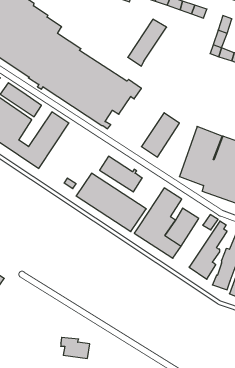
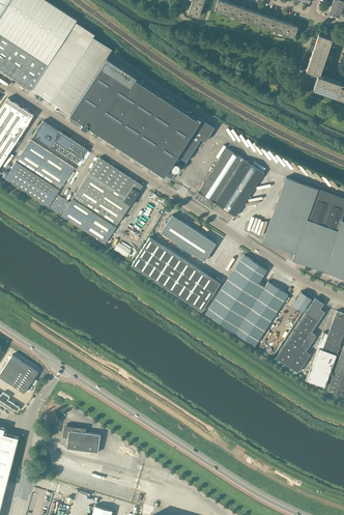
building: [128,19,167,66] -> [194,149,243,209]
building: none -> [83,173,143,246]
building: [61,337,90,358] -> [63,426,101,453]

